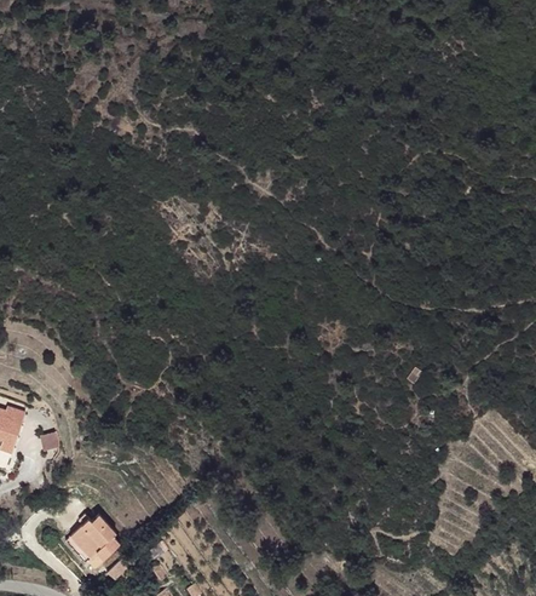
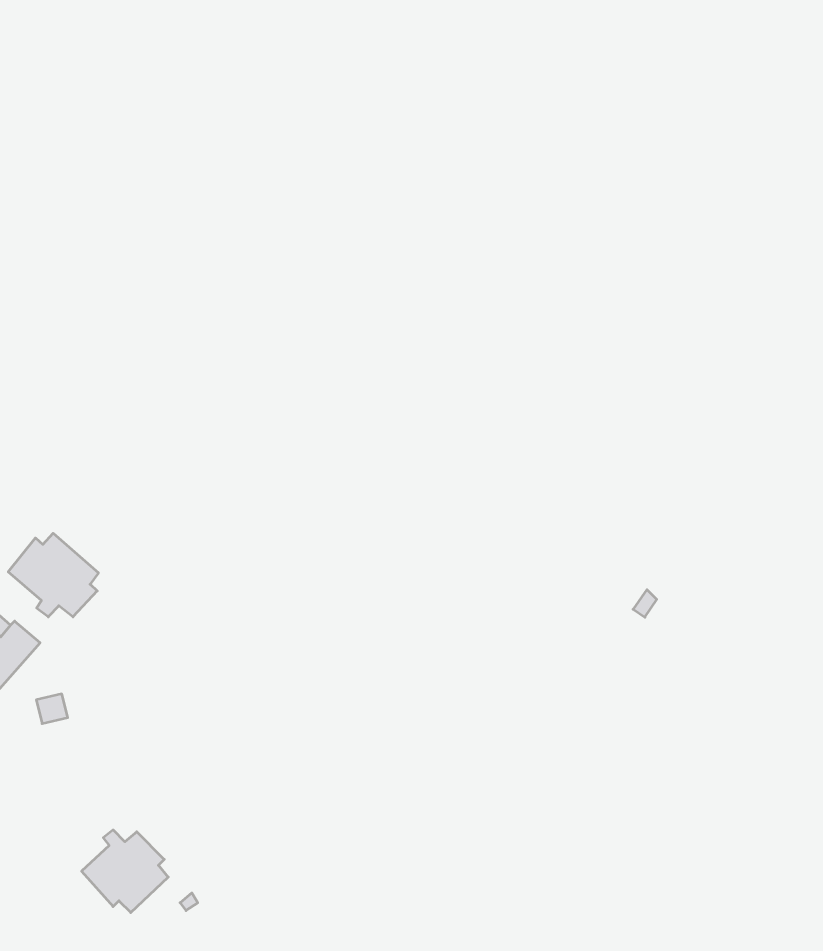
building: none -> [8,533,98,617]

